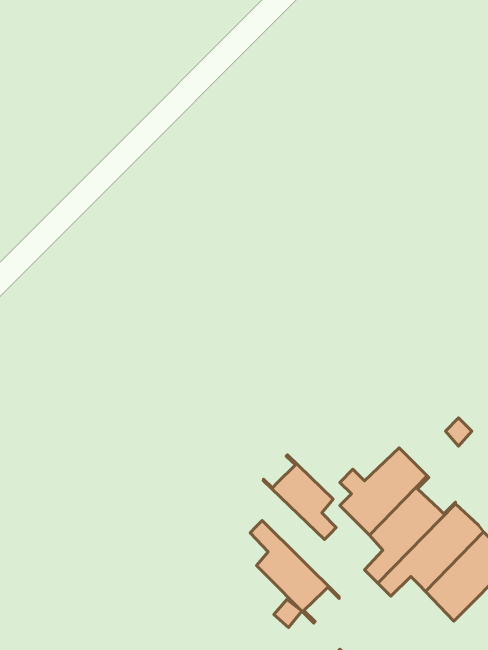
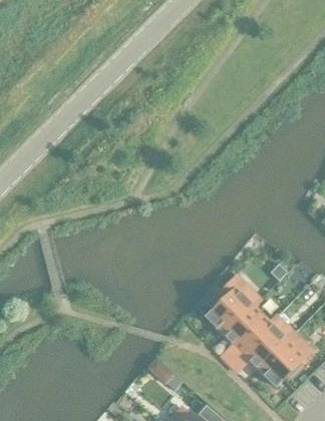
building: [263,455,336,540] -> none
building: [250,520,339,623] -> none

